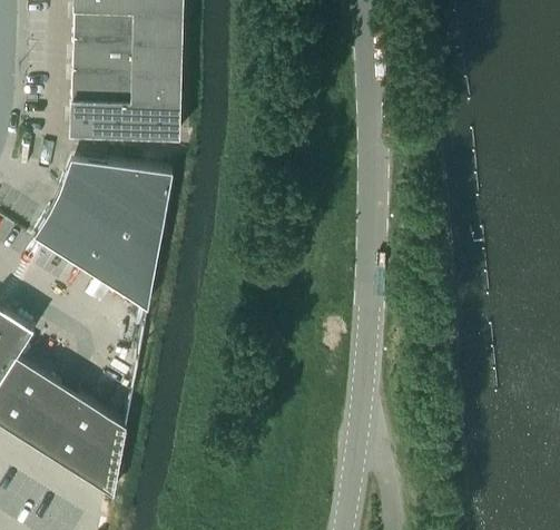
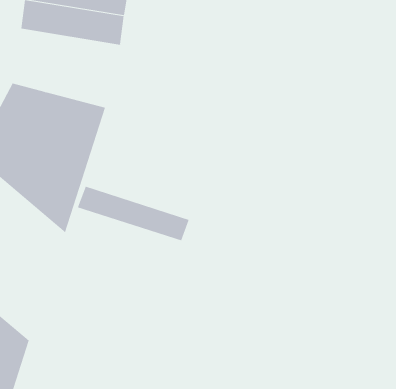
building: [69,104,179,138] -> none
building: none -> [76,186,191,242]

